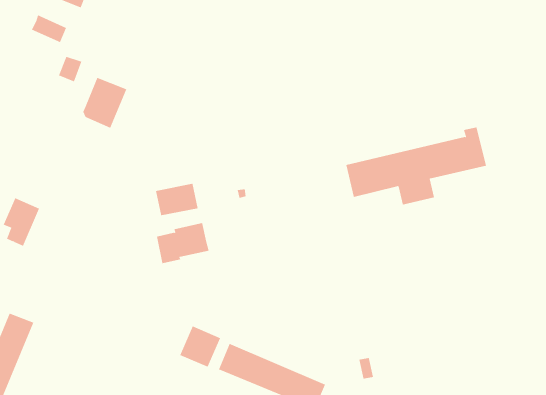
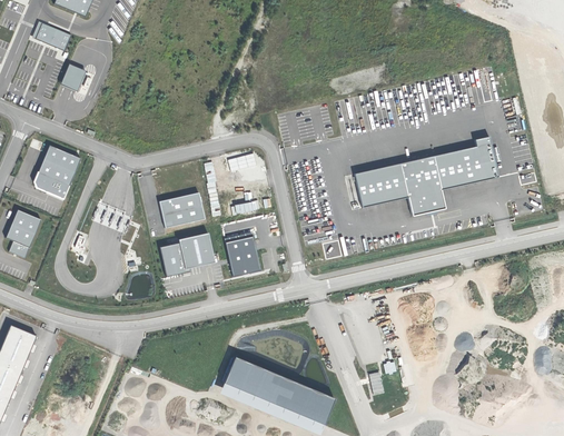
building: [83,77,127,128] -> [34,146,80,198]
building: none -> [225,234,260,272]
building: [179,326,221,368] -> none

